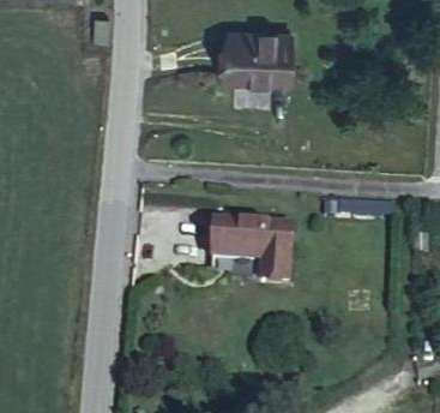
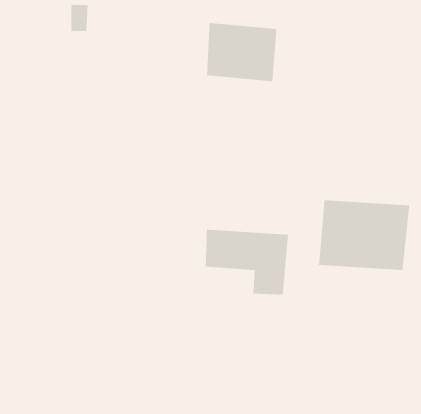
building: none -> [318,199,410,271]

